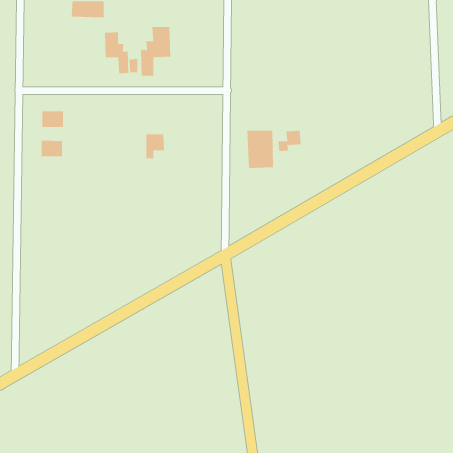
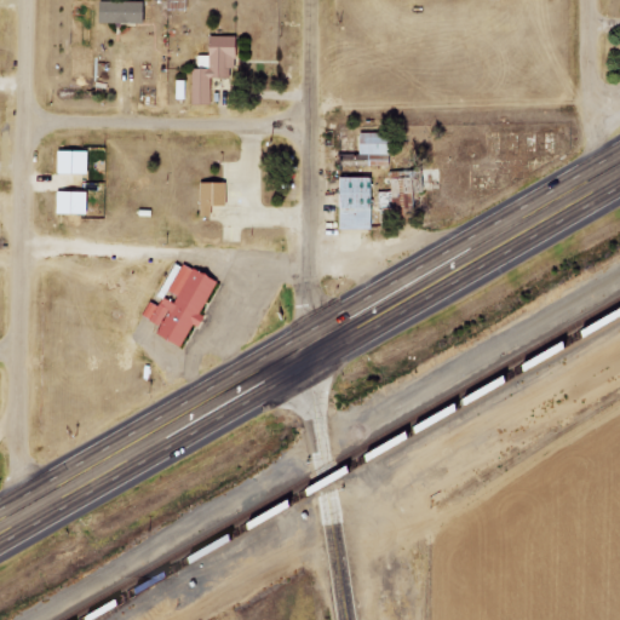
building: [104,31,129,74] -> none
building: none -> [360,132,386,155]
building: none -> [143,262,217,349]

